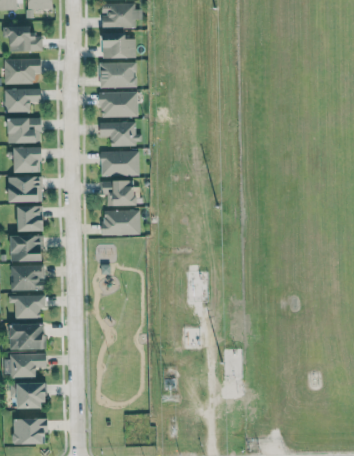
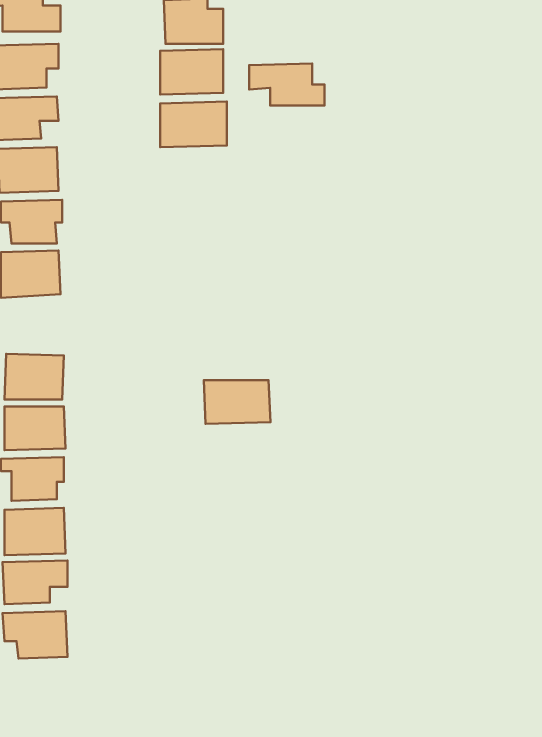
building: [98,121,141,145] -> [249,63,324,105]
building: [100,150,139,175] -> none
building: [99,180,135,206] -> none
building: [18,206,44,231] -> none
building: [102,210,140,235] -> [204,380,270,424]
building: [12,419,47,444] -> none

